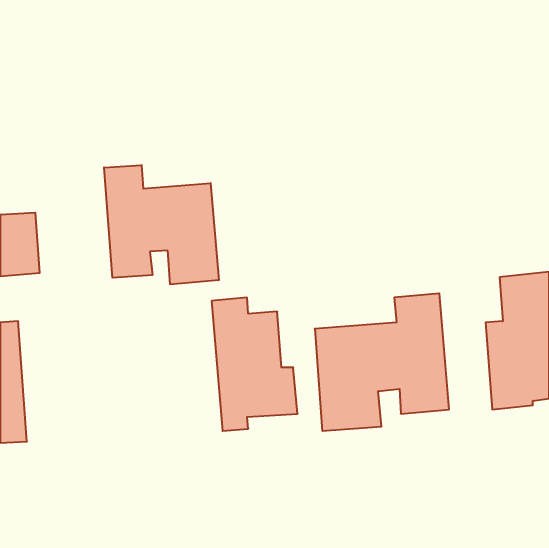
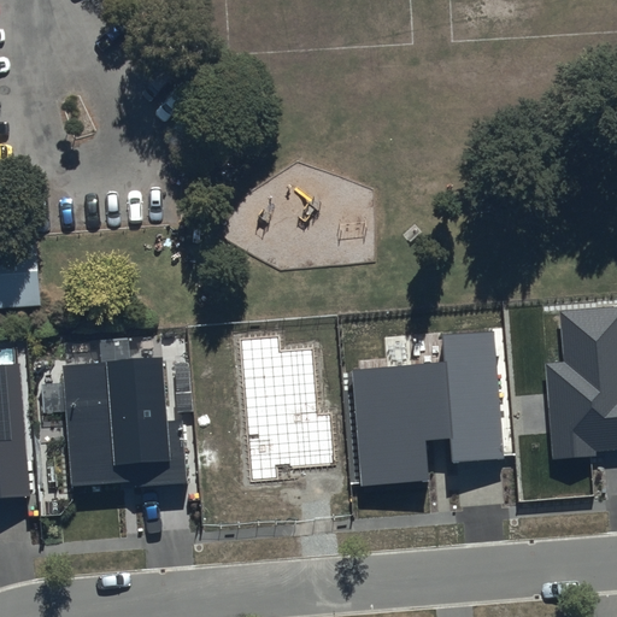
building: [104,165,219,284] -> none
building: none -> [60,354,186,486]

